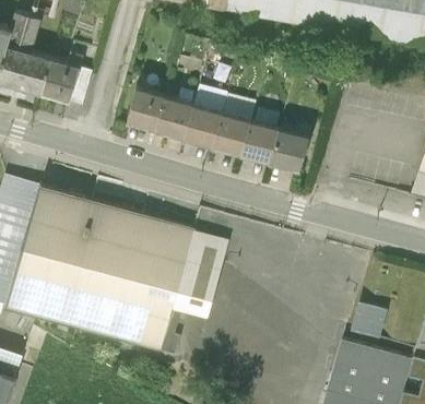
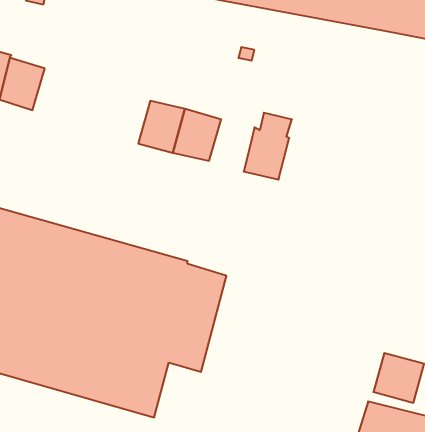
building: [125,85,164,129] -> none
building: [212,90,255,152] -> none
building: [269,124,308,166] -> none

